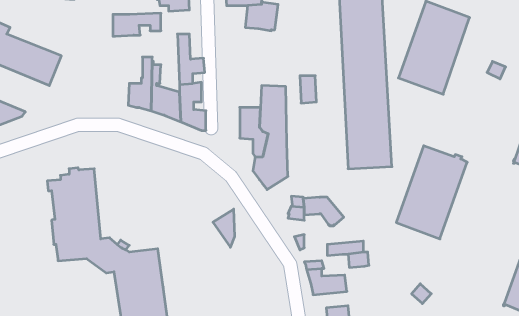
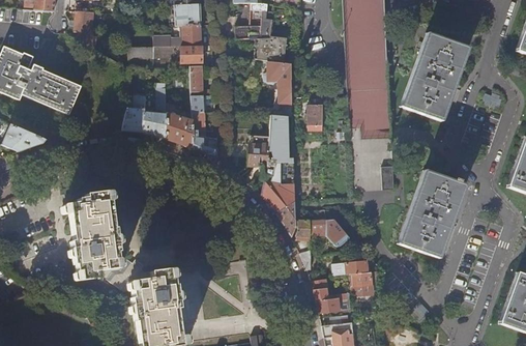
building: none -> [181,45,213,63]
building: none -> [251,60,293,115]
building: none -> [122,95,146,133]
building: [213,209,235,247] -> [275,200,296,236]

